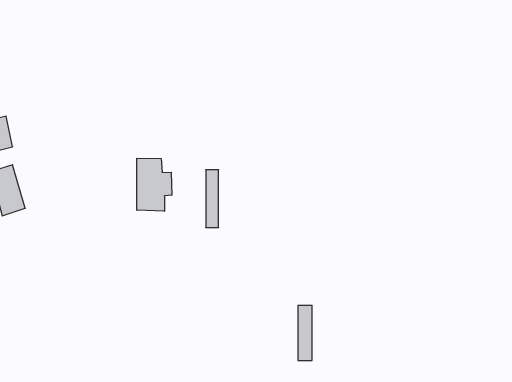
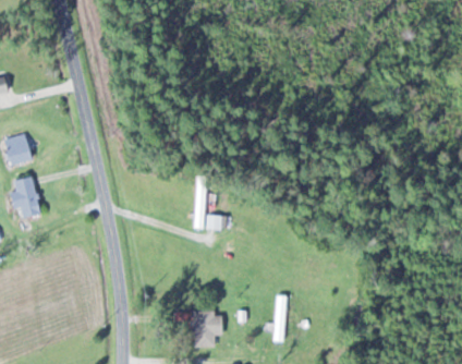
building: [137,158,172,211] -> none
building: none -> [177,312,222,348]

